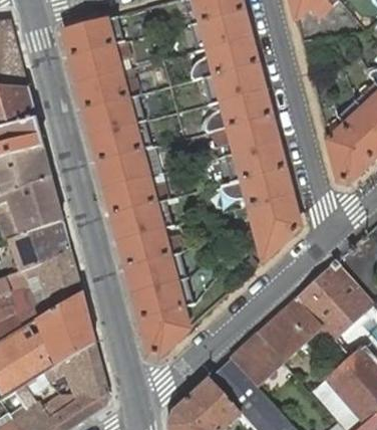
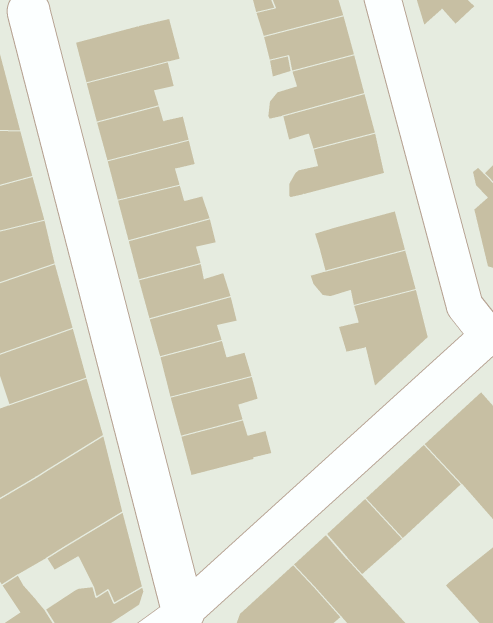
building: [217,118,278,158] -> none
building: [141,301,206,356] -> none

